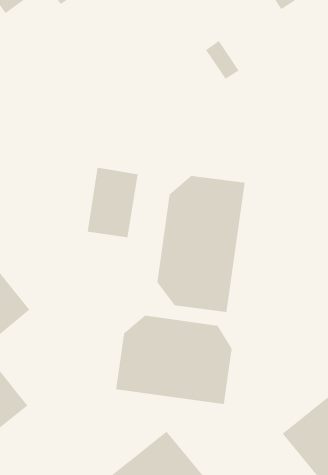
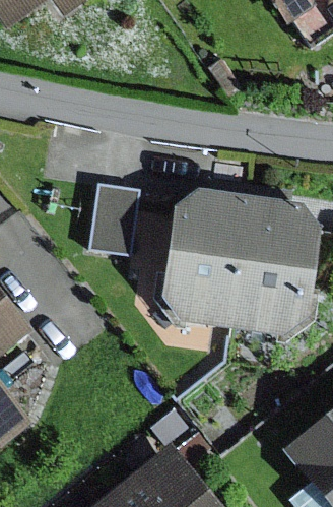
building: none -> [230,198,316,335]
building: [115,315,232,405] -> none

